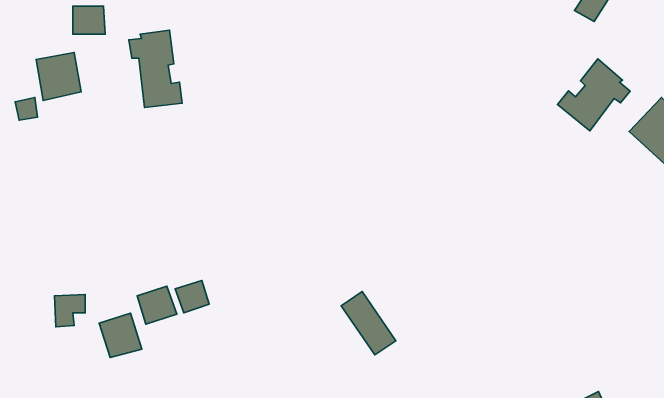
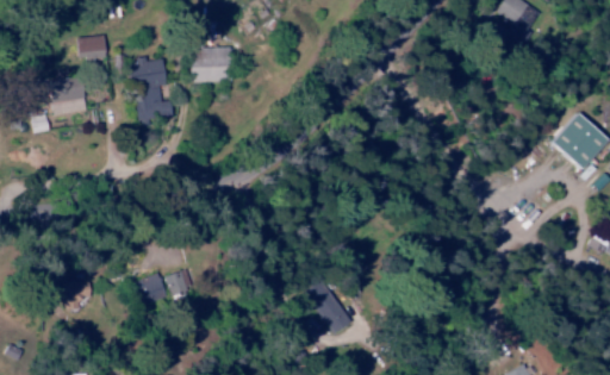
building: none -> [189,46,231,82]
building: [558,59,630,131] -> none
building: [99,313,142,358] -> none

